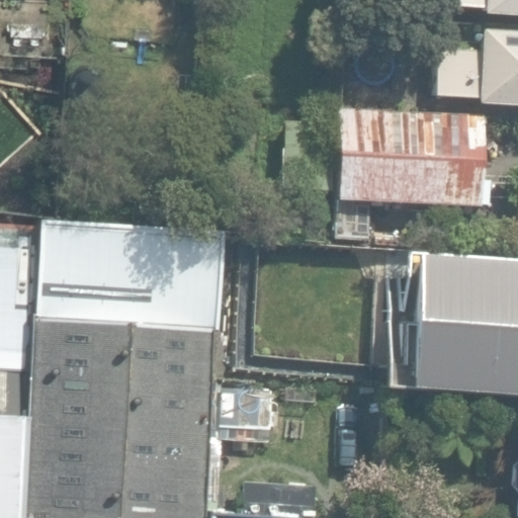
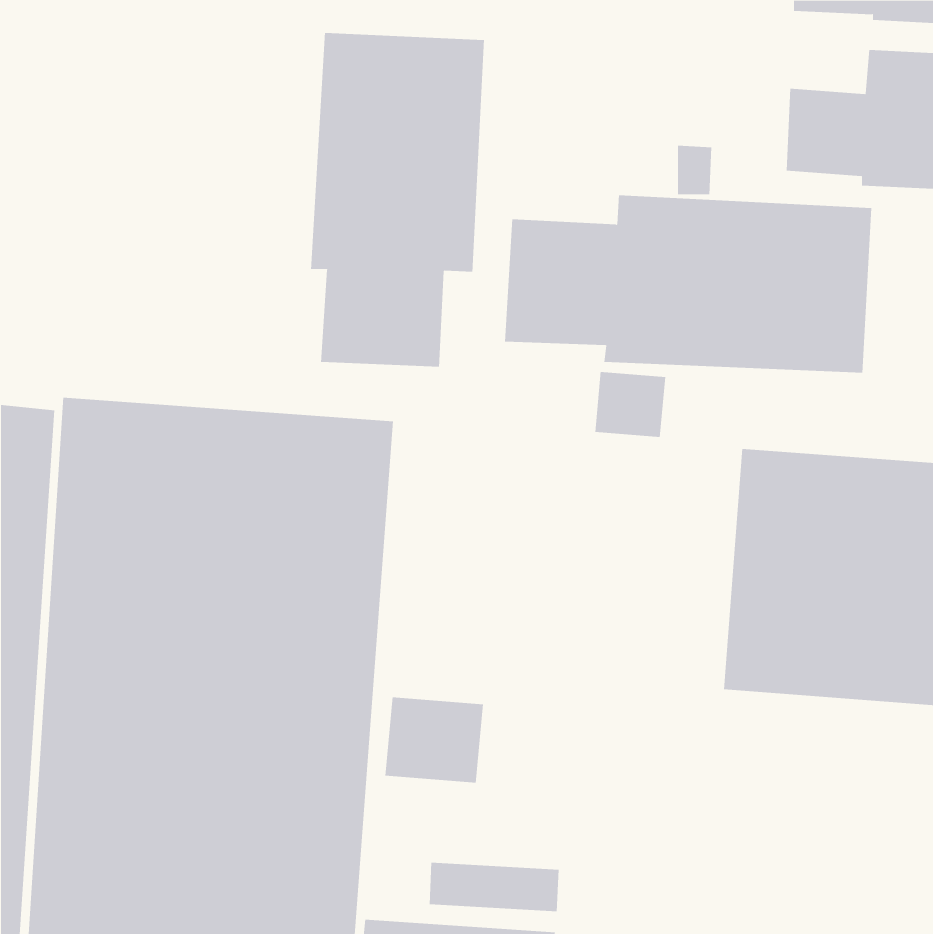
building: none -> [310,32,485,367]

